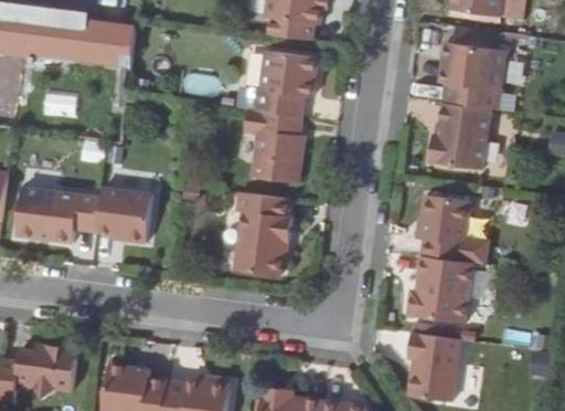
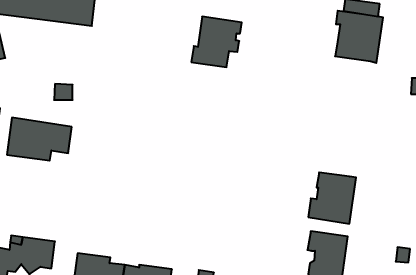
building: [429,105,490,172] -> none
building: [250,113,303,186] -> none
building: [94,188,150,244] -> none
building: [234,193,291,276] -> none
building: [419,196,489,266] -> none

